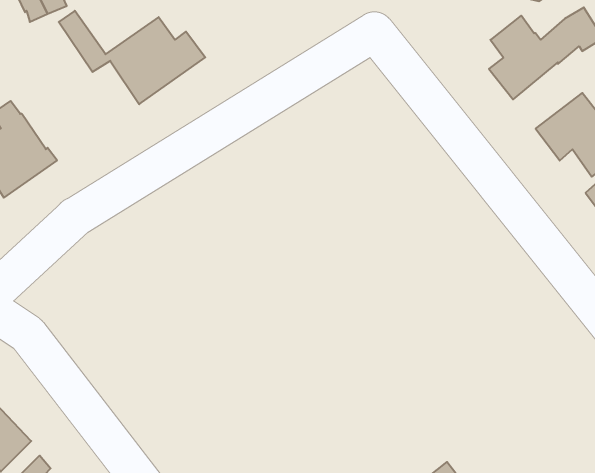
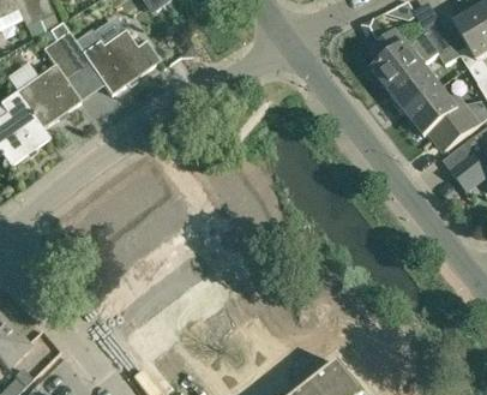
building: none -> [14,32,79,127]
building: none -> [389,62,440,112]

